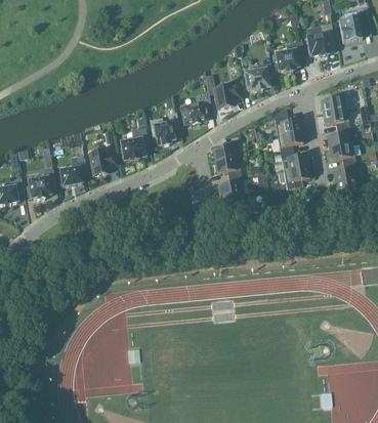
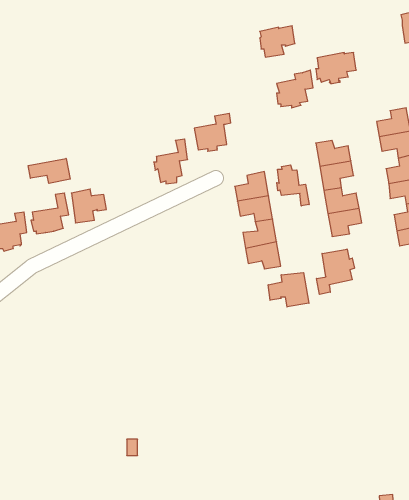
building: [307,22,335,53] -> none
building: [214,82,241,105] -> [260,26,295,57]
building: [120,125,149,159] -> none
building: none -> [28,158,70,183]
building: none -> [277,165,309,206]
building: none -> [317,249,354,294]
building: none -> [268,273,309,307]

